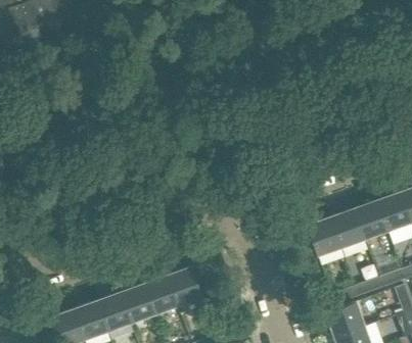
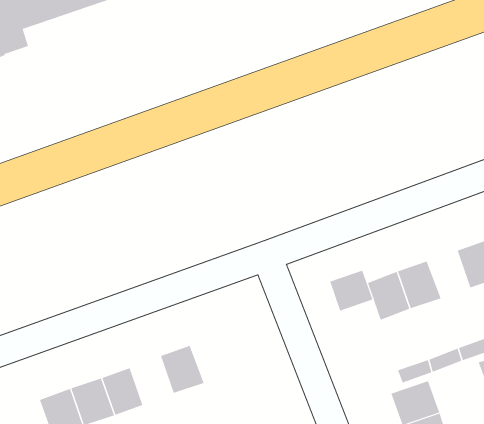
building: [354,201,387,239] -> none
building: none -> [330,270,373,311]
building: [168,267,201,305] -> none
building: [121,284,154,323] -> none

